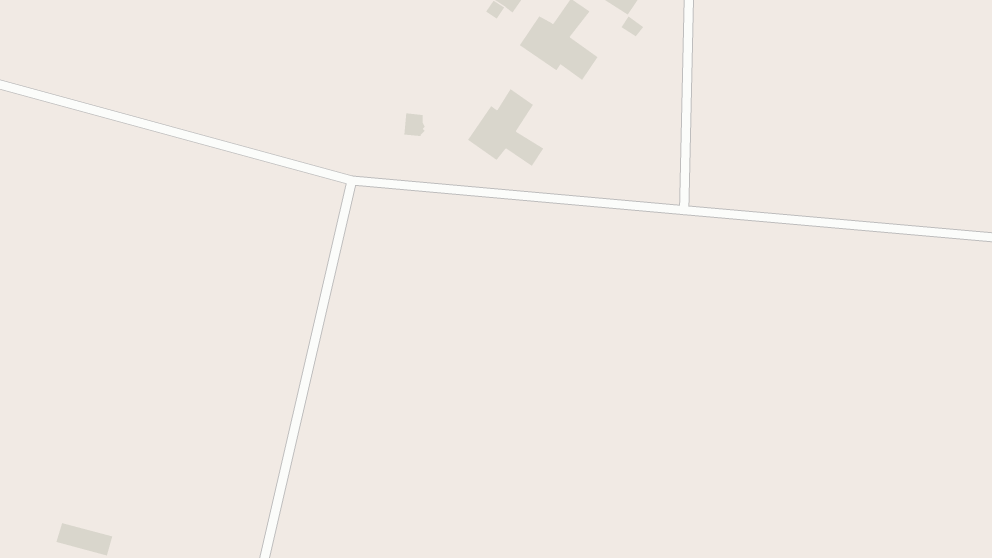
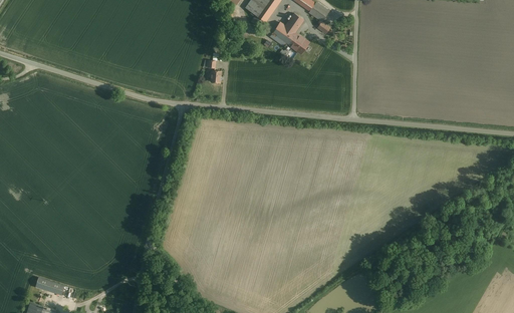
building: [467,88,544,167] -> none

